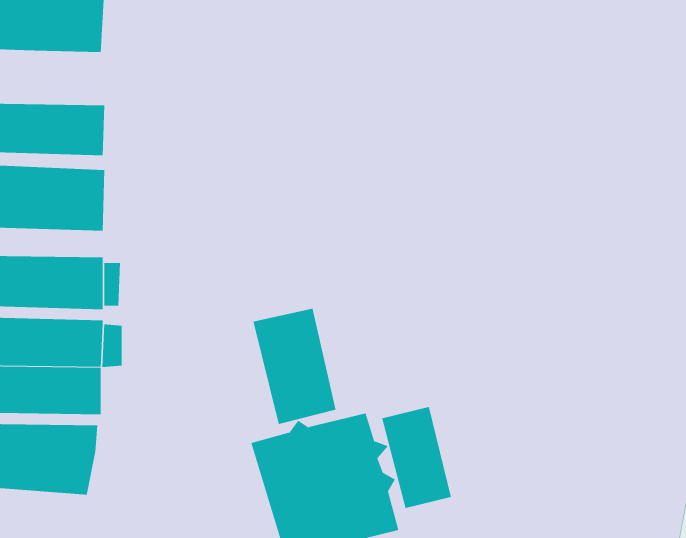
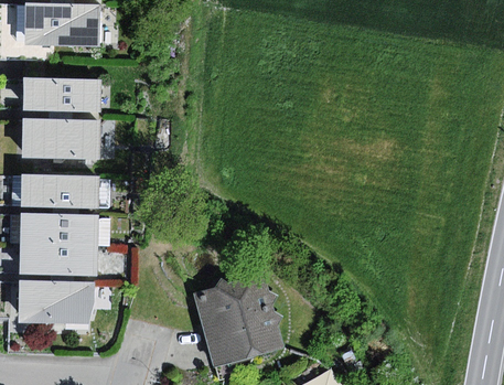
building: [253,308,336,425] -> none
building: [381,406,452,509] -> none

